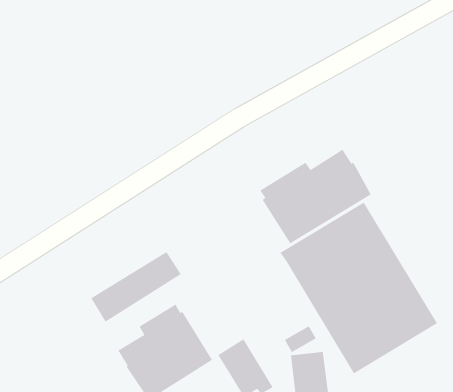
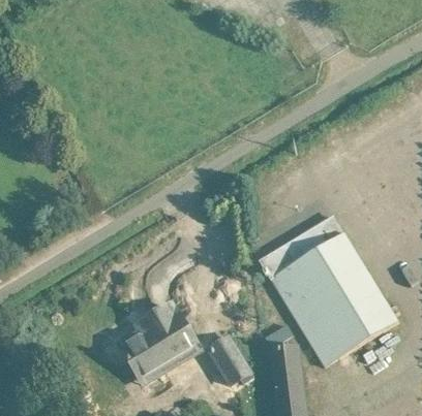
building: [259,149,371,244] -> none
building: [90,251,182,322] -> none

